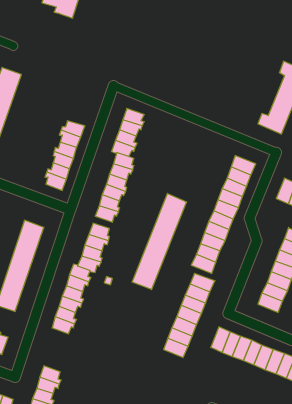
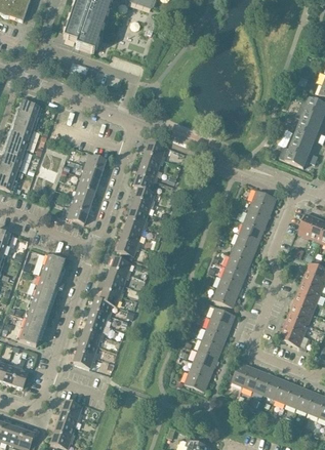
building: [132,193,186,290] -> none

